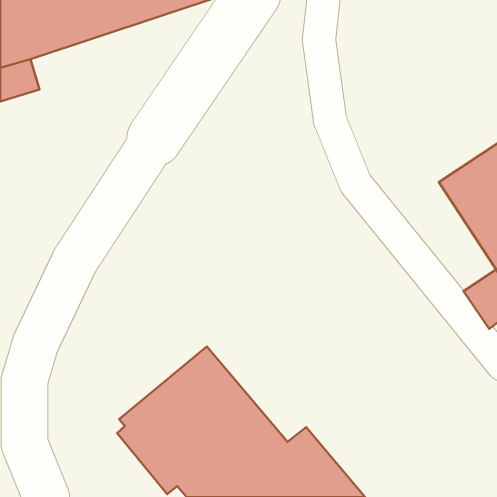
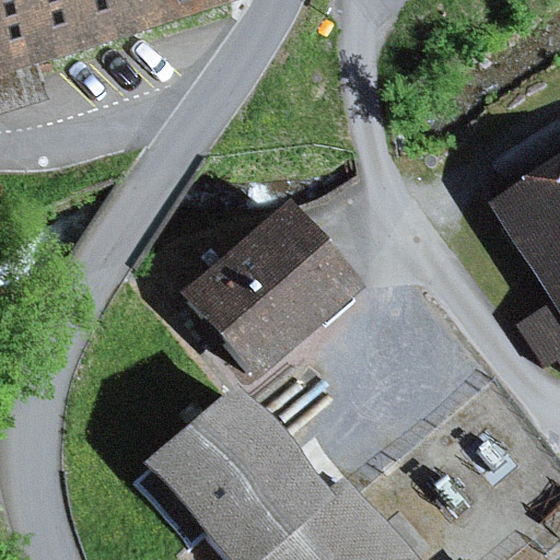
building: none -> [185,202,360,375]

